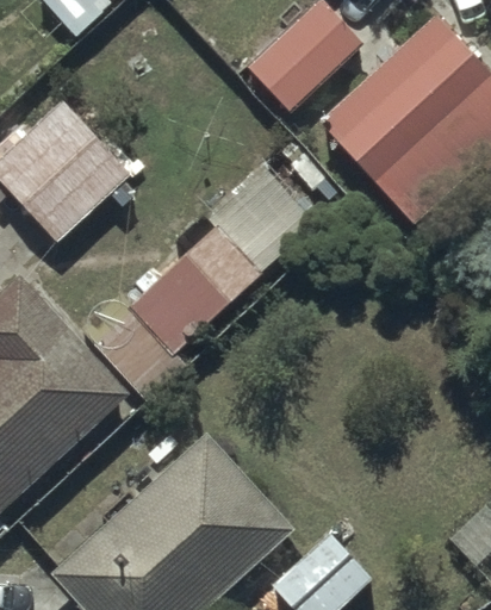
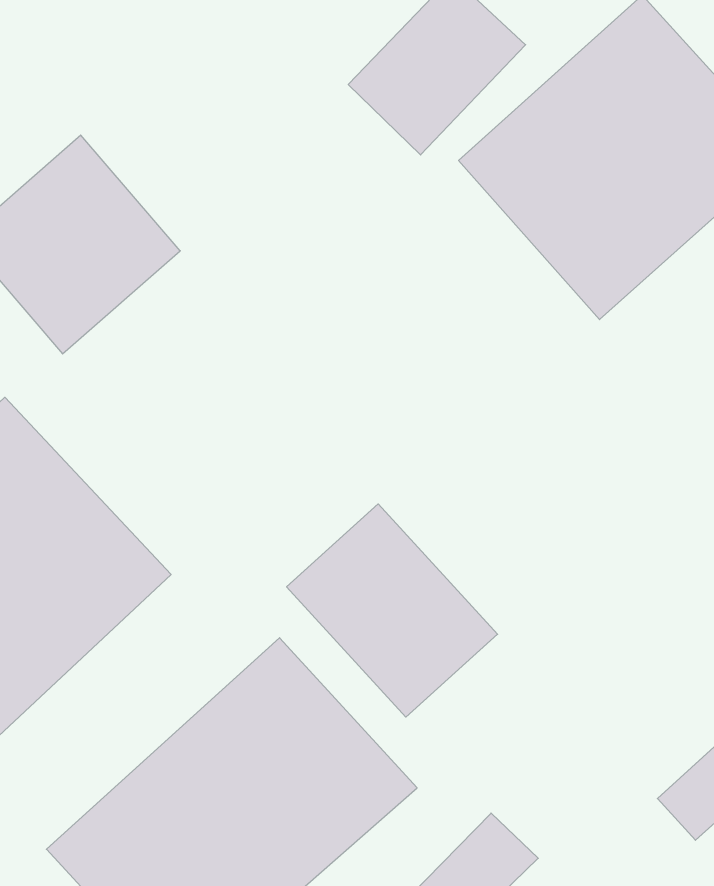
building: [126,229,257,355] -> none
building: none -> [287,504,498,717]

